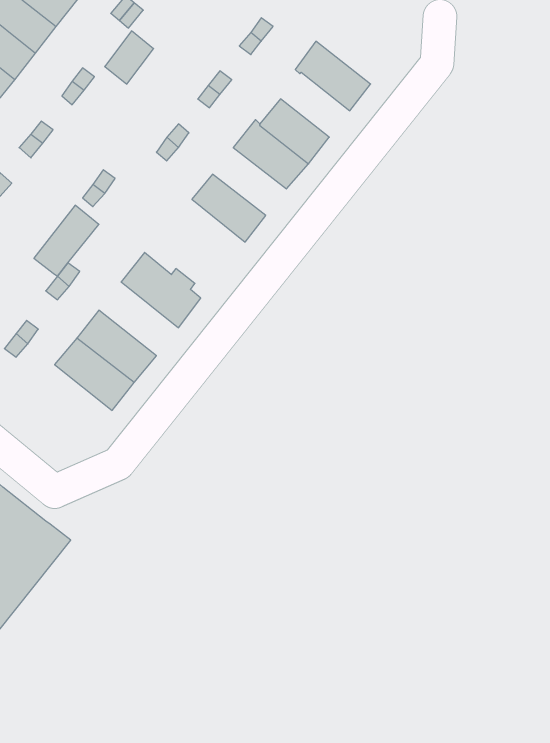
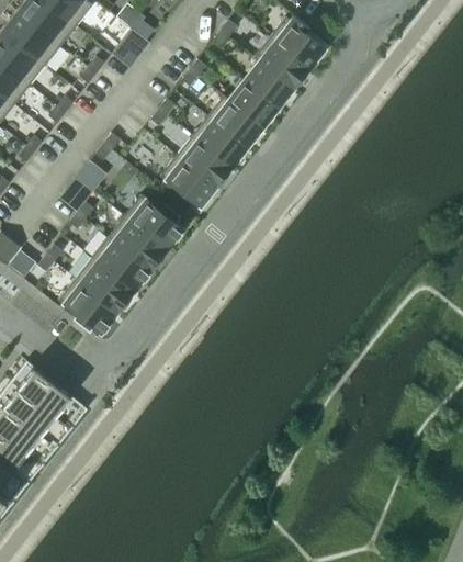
building: none -> [269,15,326,69]
building: none -> [242,60,294,109]
building: none -> [192,116,247,167]
building: none -> [160,155,216,207]
building: none -> [108,216,167,271]
building: none -> [58,278,117,334]

